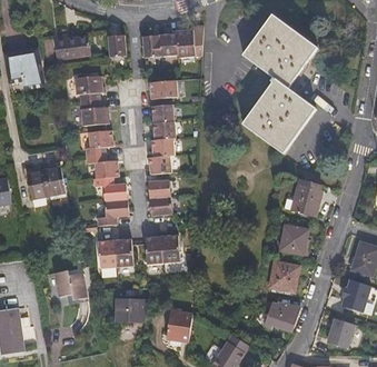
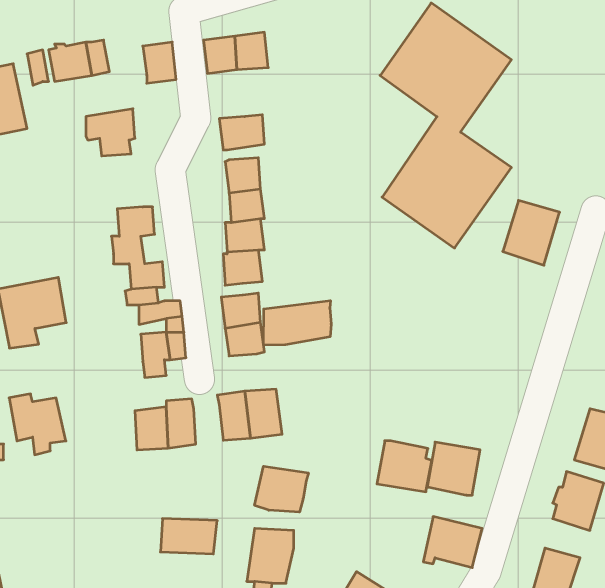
building: [175,24,199,52] -> none
building: [82,98,108,122] -> none
building: [291,180,324,217] -> [503,200,560,265]
building: none -> [263,301,331,345]
building: [278,224,309,252] -> [377,441,432,492]
building: [53,271,86,306] -> [9,394,66,455]
building: none -> [255,466,308,512]

